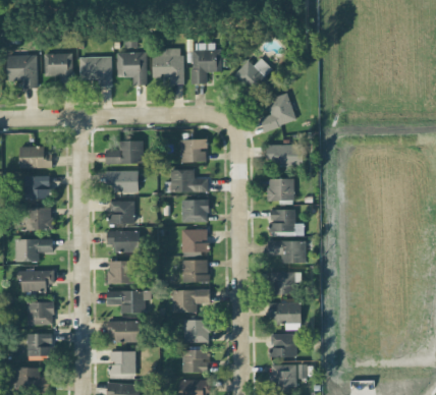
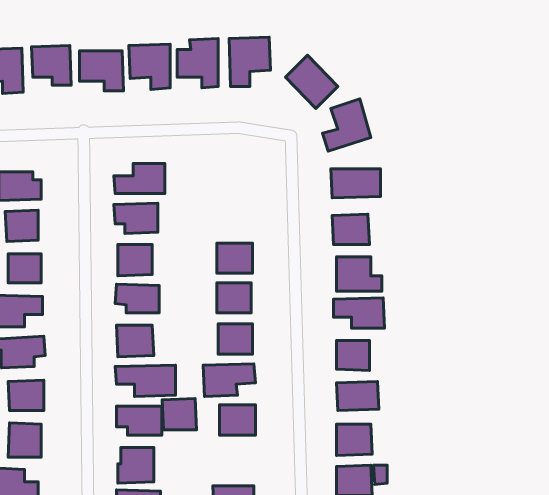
building: [180,139,206,162] -> none
building: [164,170,208,192] -> none
building: [181,349,207,373] -> [162,398,197,430]

